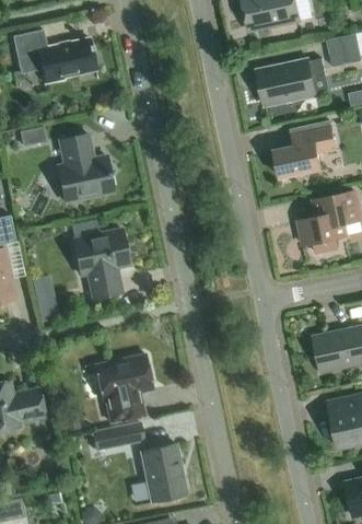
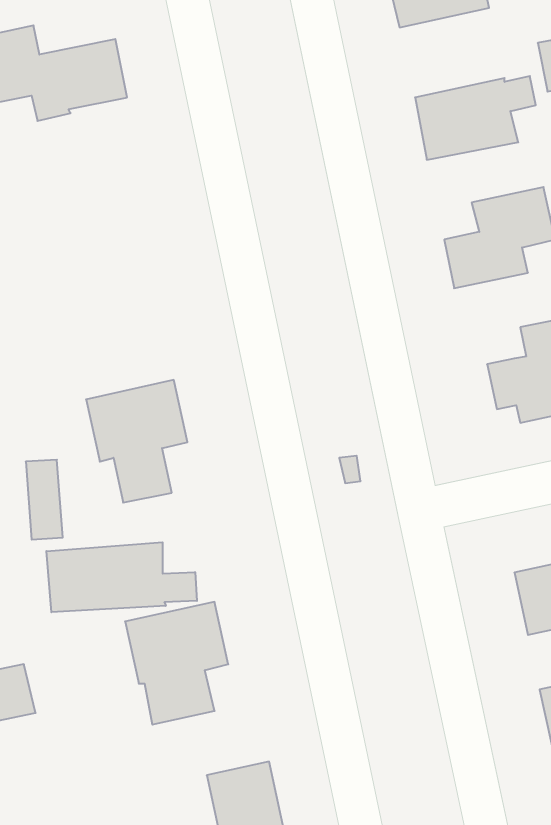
building: [57,135,113,202] -> none
building: none -> [46,542,197,612]
building: [91,421,143,452] -> none

